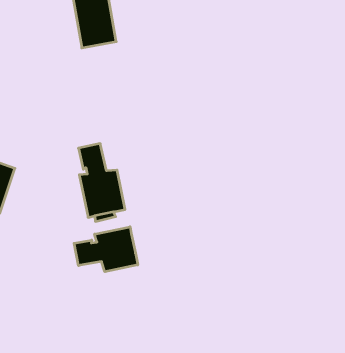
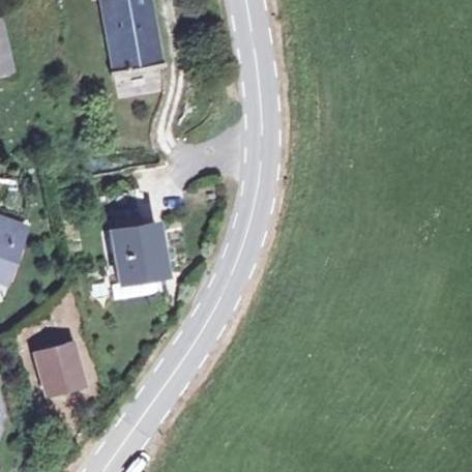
building: [74,227,138,272] -> none
building: none -> [32,341,84,393]

